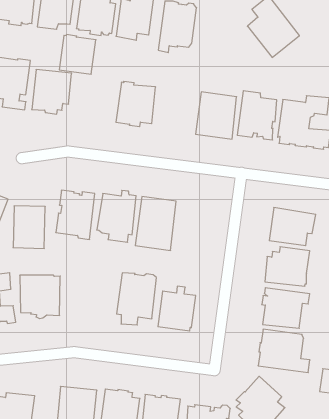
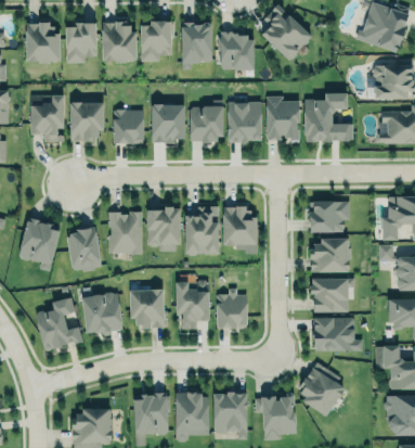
building: none -> [220,35,255,71]
building: [59,35,96,74] -> [114,110,144,143]
building: none -> [190,105,224,143]
building: none -> [223,204,258,254]
building: none -> [129,290,167,329]

